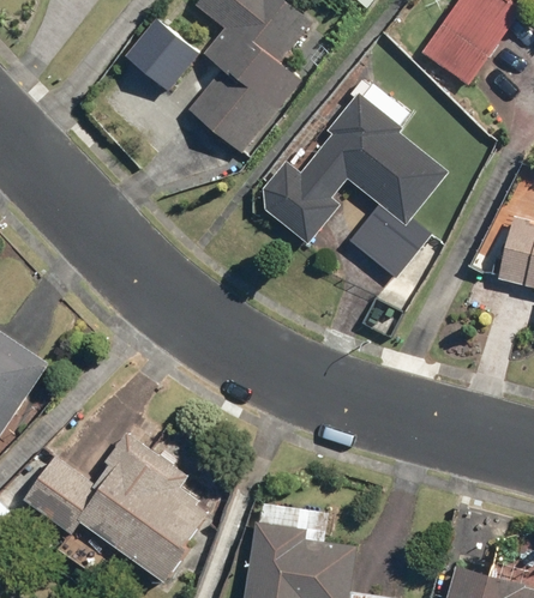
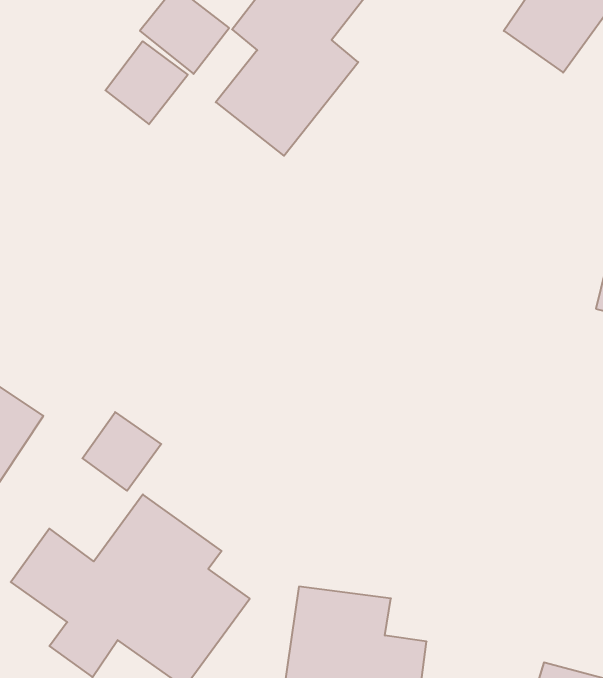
building: none -> [105,41,188,124]
building: [252,83,450,280] -> none
building: none -> [82,412,161,491]

